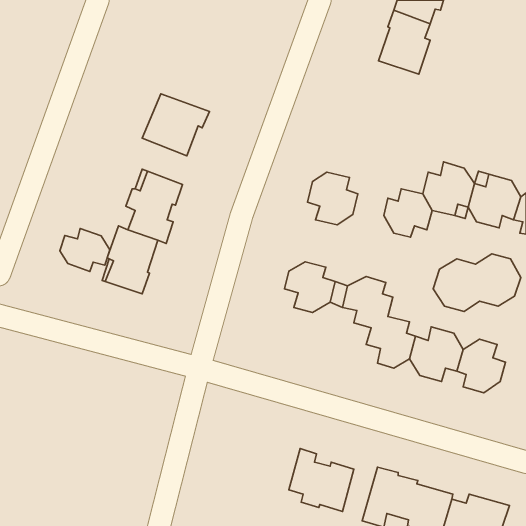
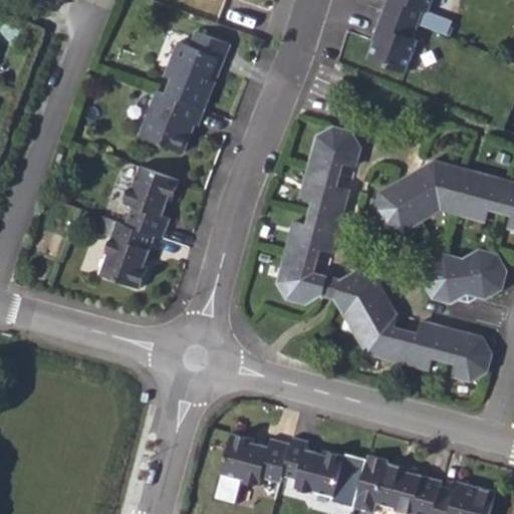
building: none -> [165,32,229,109]
building: none -> [311,125,360,174]
building: none -> [288,215,336,261]
building: [60,229,110,271] -> none
building: none -> [219,434,290,489]

